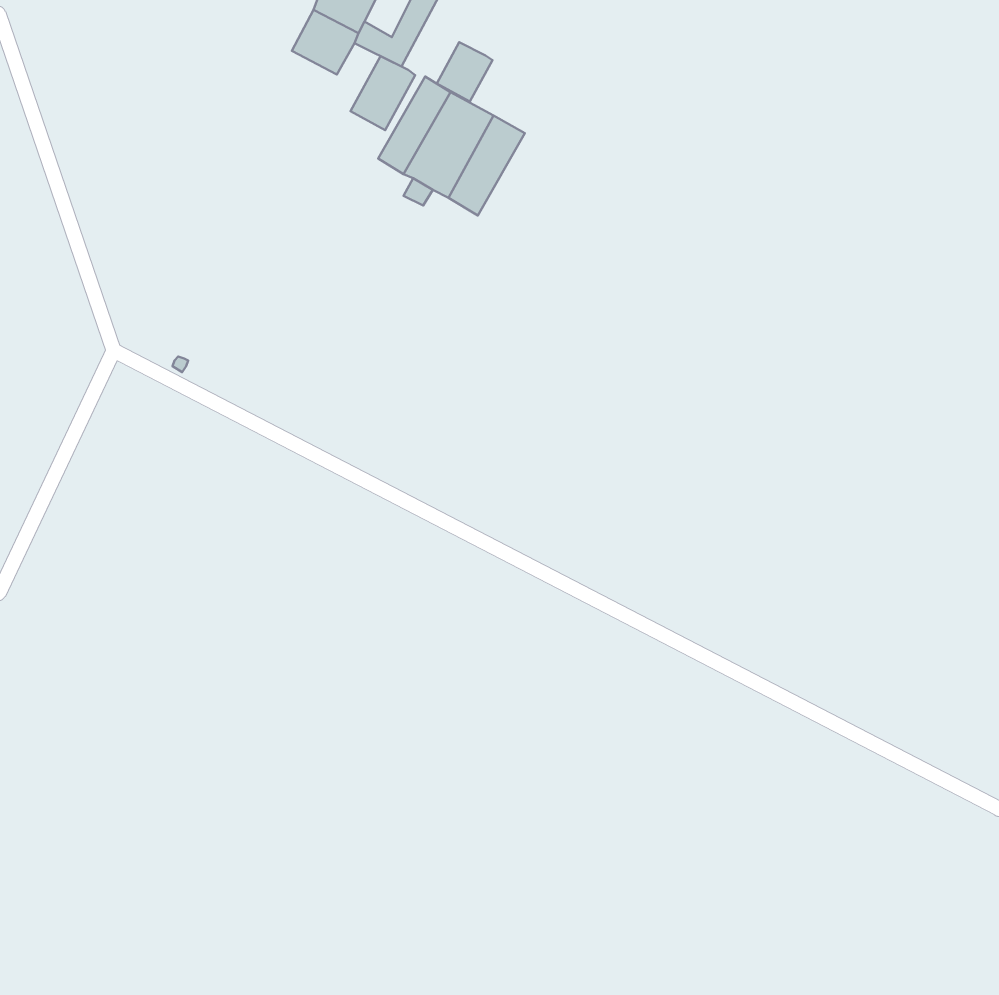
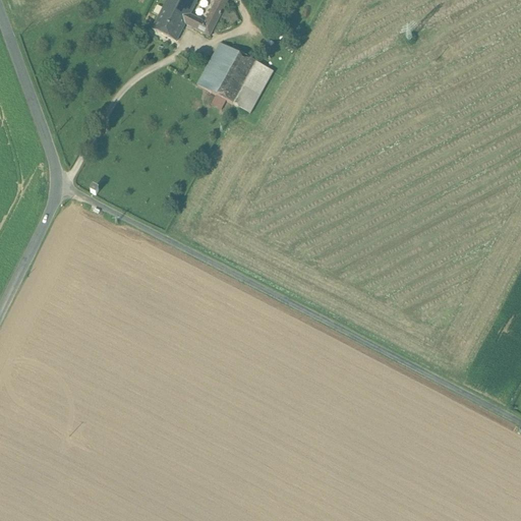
building: [437,42,492,102] -> none
building: [351,56,415,130] -> none

